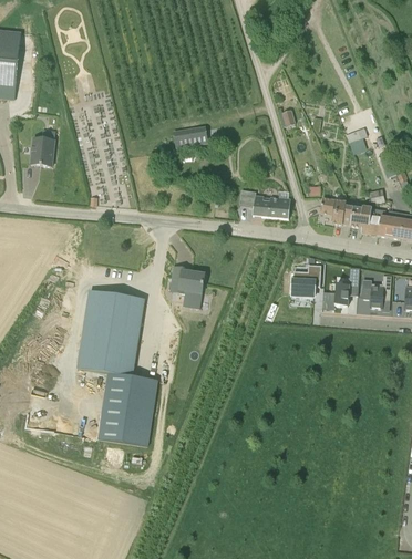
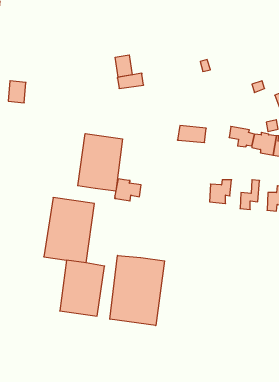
building: none -> [115,55,132,77]
building: none -> [78,134,122,191]
building: none -> [110,255,165,326]

